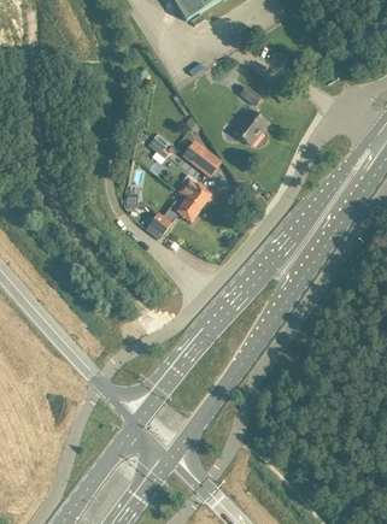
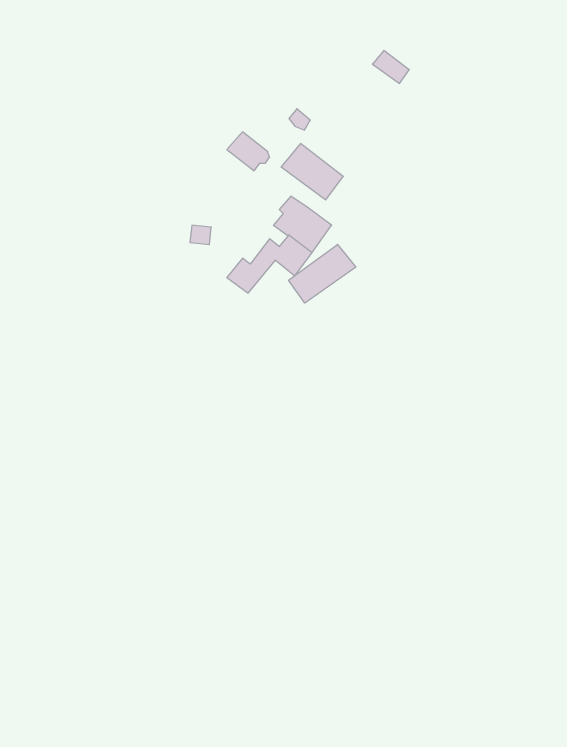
building: [234,108,268,142] -> none
building: none -> [289,244,356,303]

